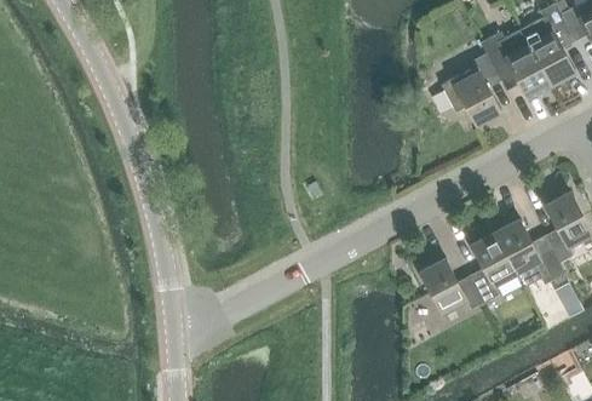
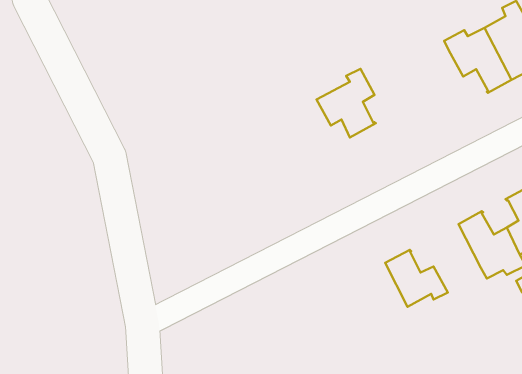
building: [442,53,502,124] -> [317,69,376,137]
building: [471,231,519,302] -> none

